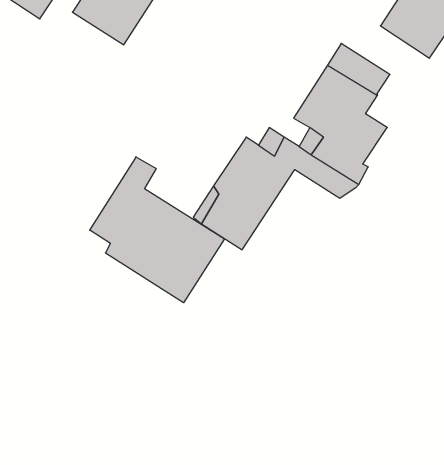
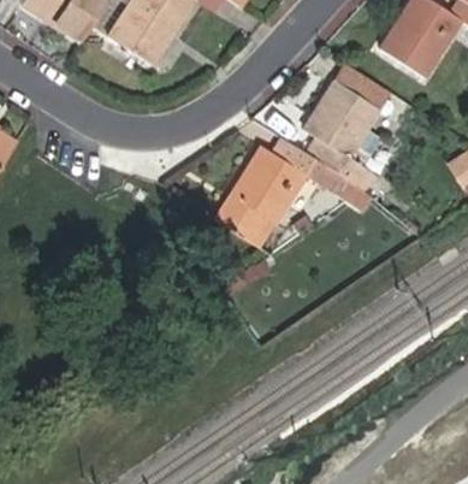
building: [90,157,225,303] -> none

